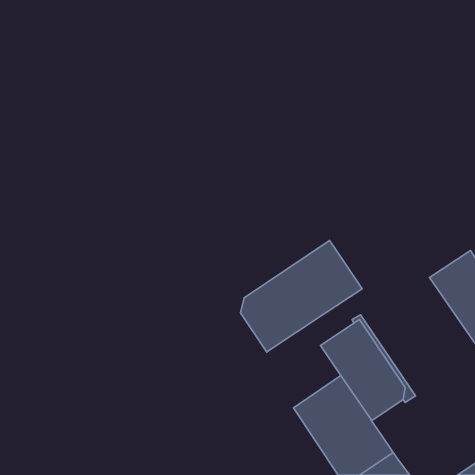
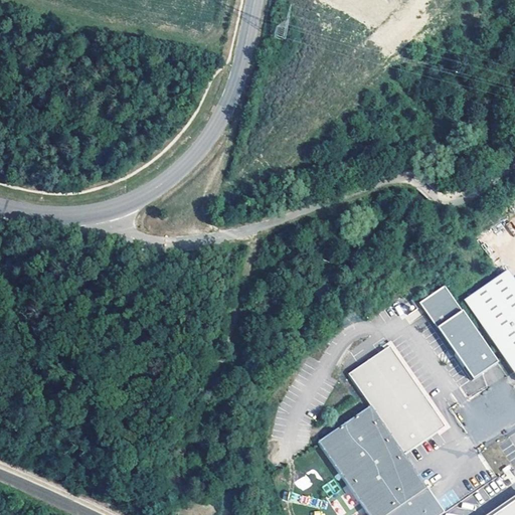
building: [240,240,362,352] -> none
building: none -> [420,285,498,379]

